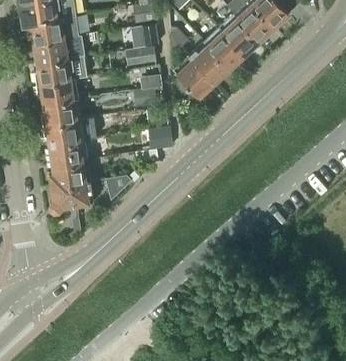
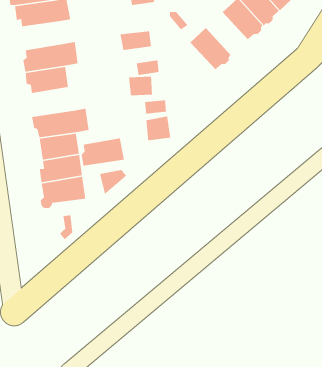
building: [130,22,158,46] -> none
building: [204,28,243,68] -> none
building: [33,35,84,63] -> none
building: [174,56,213,96] -> none
building: [40,98,81,125] -> [81,138,125,167]

